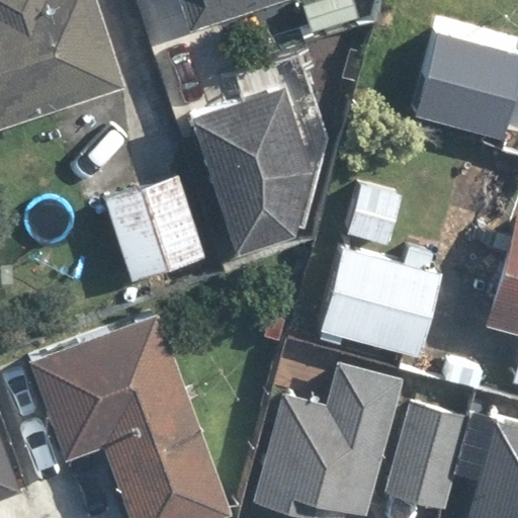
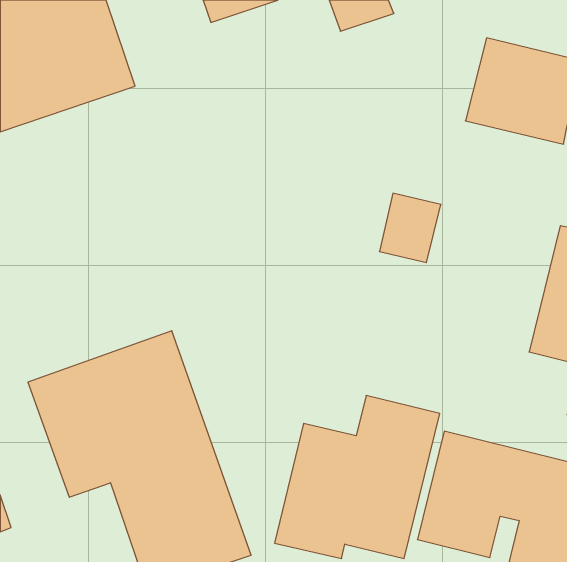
building: [192,86,313,253] -> none
building: [103,176,206,284] -> none
building: [293,247,441,371] -> none

